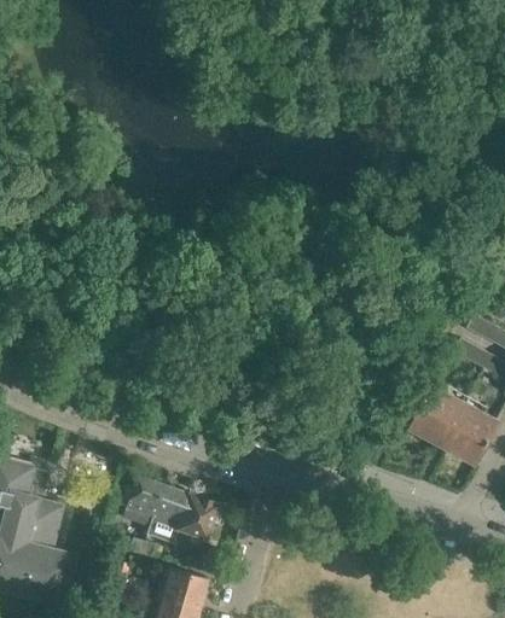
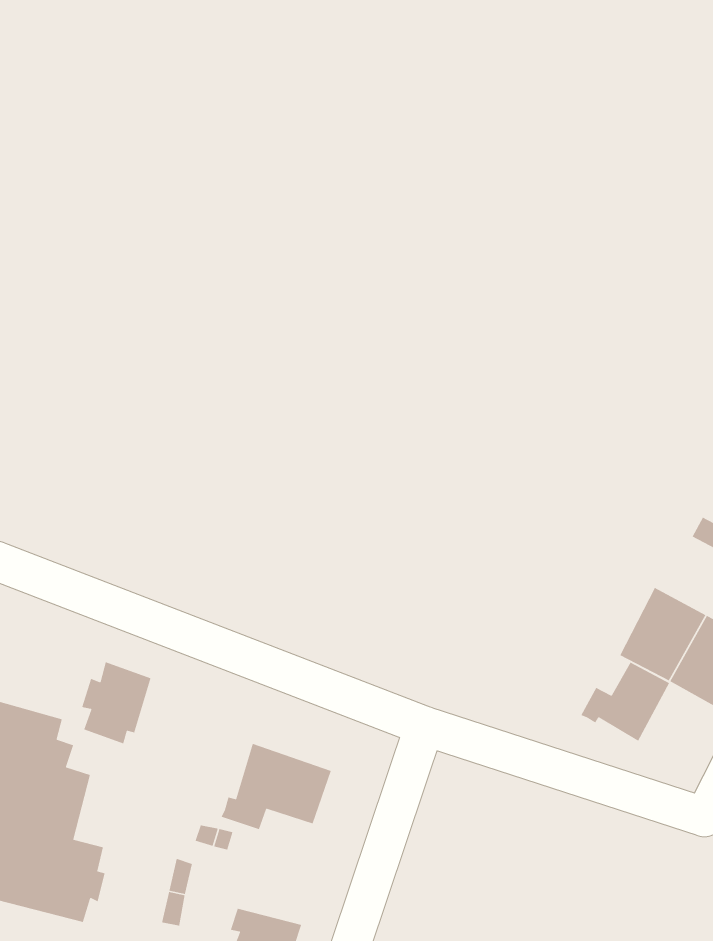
building: none -> [580,661,670,742]
building: [123,476,169,530] -> [81,661,152,745]
building: [159,569,209,605] -> none

